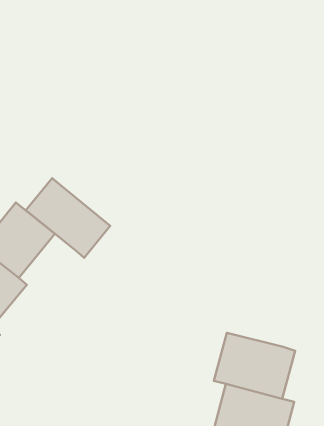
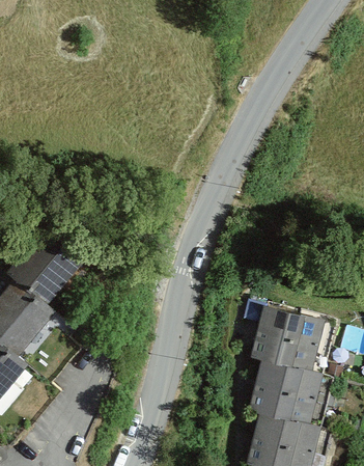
building: [26,178,110,258] -> none
building: none -> [248,308,333,379]

